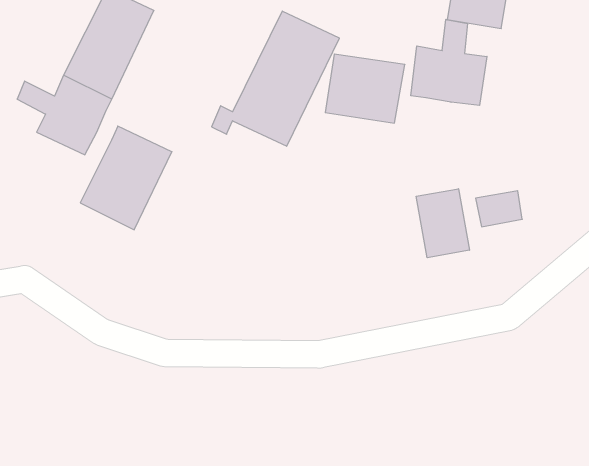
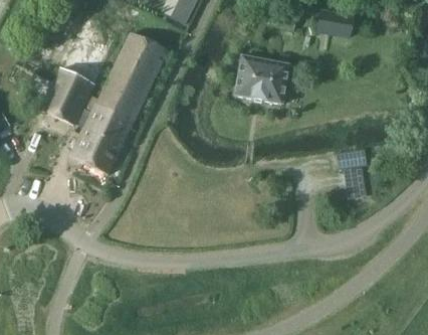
building: [212,11,339,146] -> [82,31,168,122]
building: [411,19,487,105] -> none
building: [416,189,469,258] -> none

